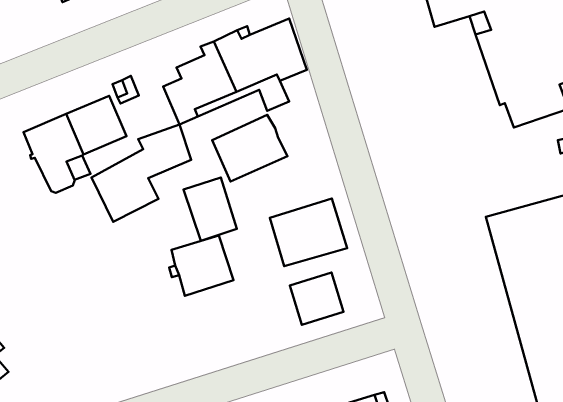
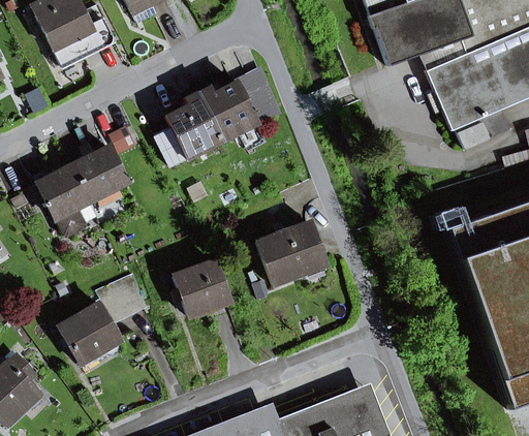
building: [212,115,288,182] -> none
building: [91,125,191,222] -> [60,274,146,363]
building: [184,178,237,241] -> none
building: [290,273,344,325] -> none

